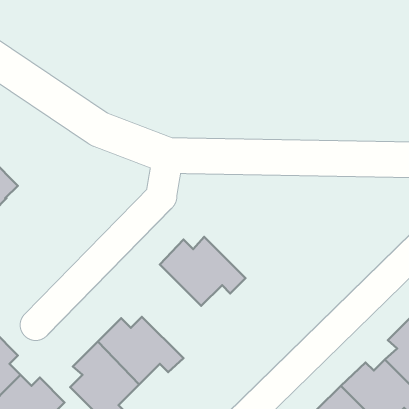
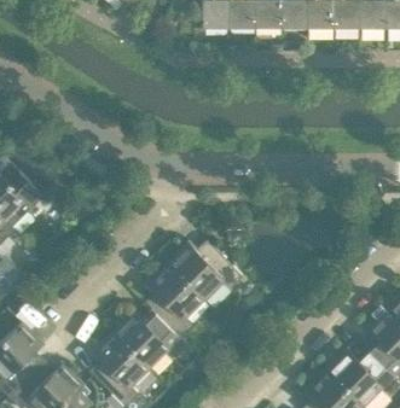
building: none -> [144,266,203,348]

